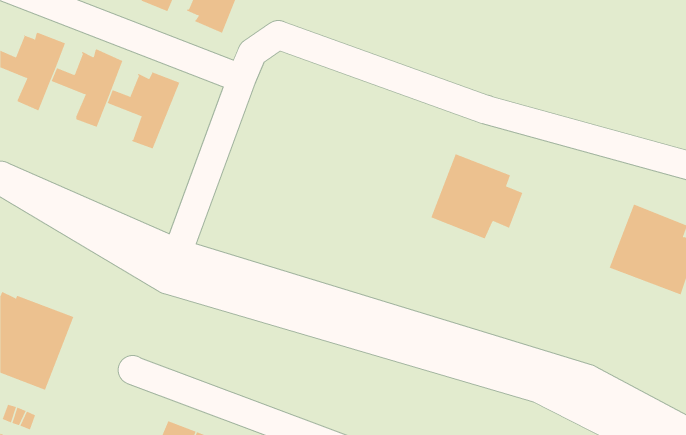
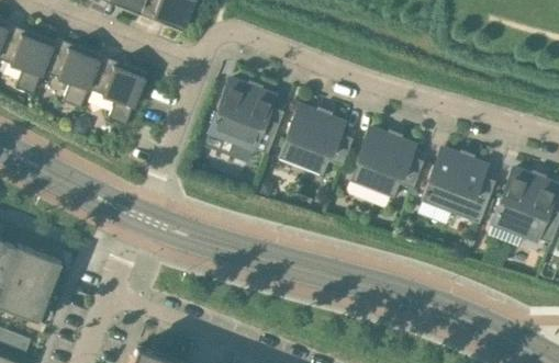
building: none -> [210,79,284,154]
building: none -> [279,106,354,174]
building: none -> [422,149,495,223]

